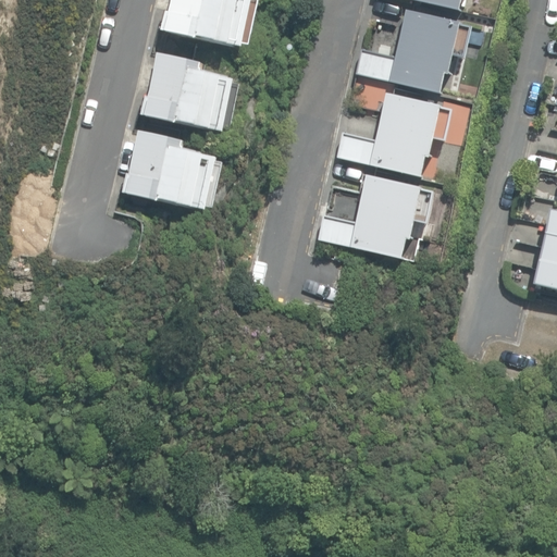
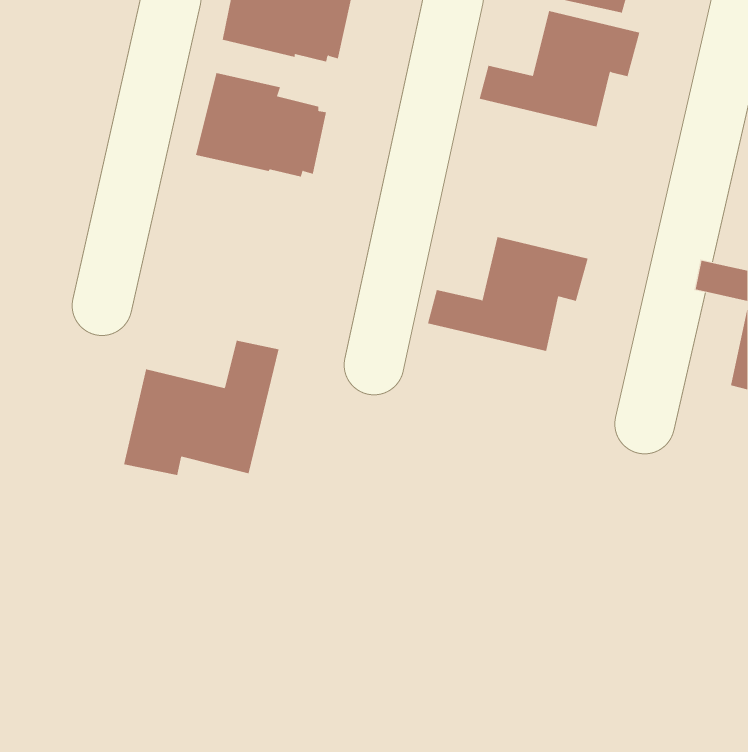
building: [334,91,451,176] -> none
building: [125,131,221,208] -> none
building: none -> [123,340,279,476]

